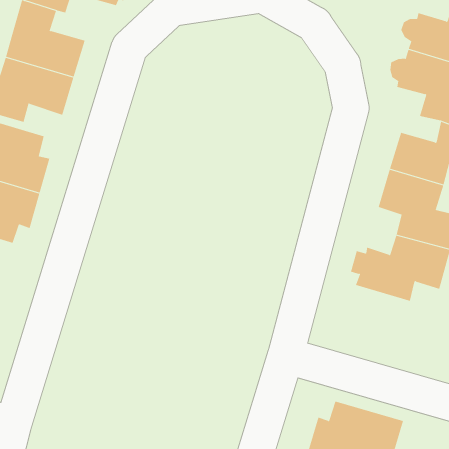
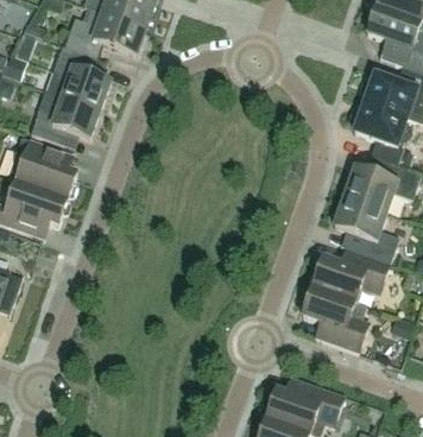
building: none -> [303,284,368,350]

